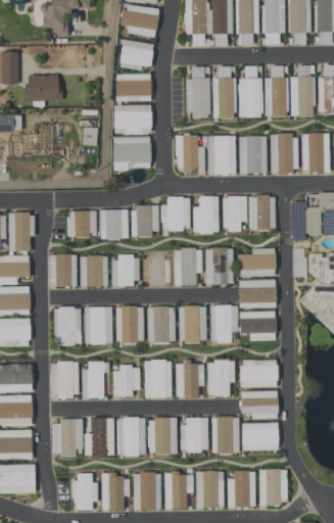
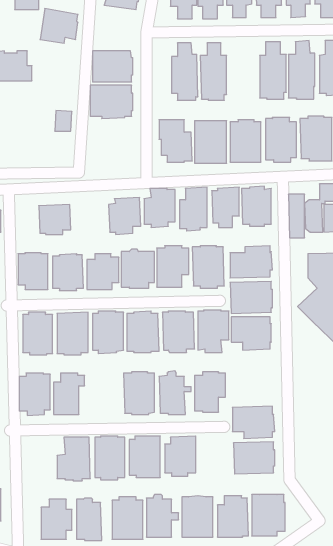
building: [120,39,153,69] -> [40,9,78,43]
building: [239,65,264,116] -> none
building: [113,136,151,170] -> none
building: [100,209,129,239] -> none
building: [240,360,278,387] -> none
building: [113,365,141,396] -> none
building: [212,416,239,454] -> none
building: [53,419,83,456] -> none

